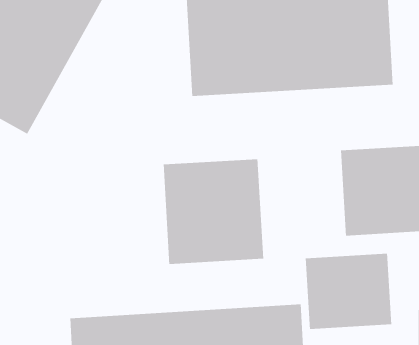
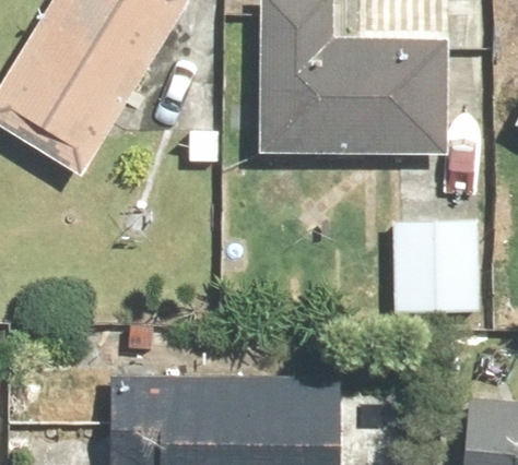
building: [163,158,264,265] -> none
building: [305,253,392,330] -> none

